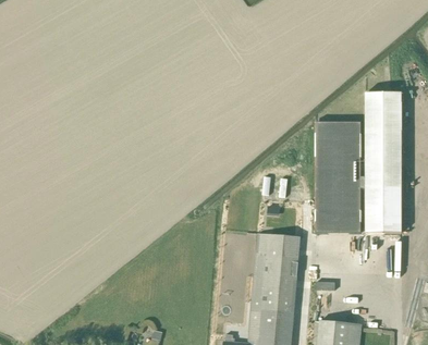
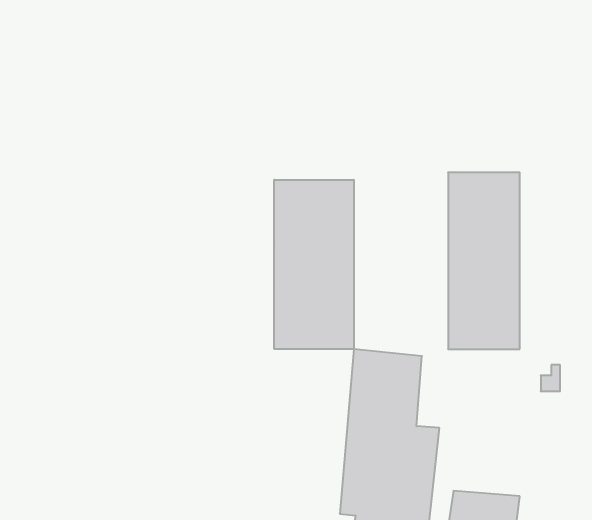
building: [360,93,401,233] -> none
building: none -> [274,180,354,349]

